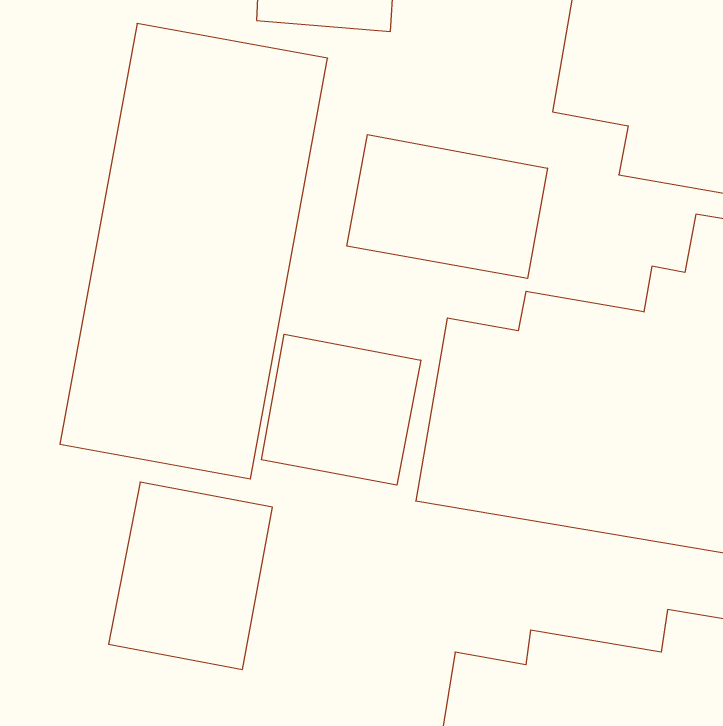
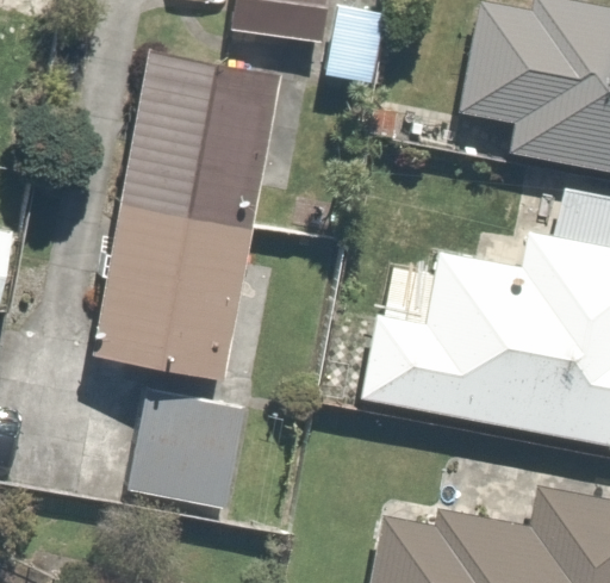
building: [347,135,547,278] -> none
building: [261,334,421,485] -> none

